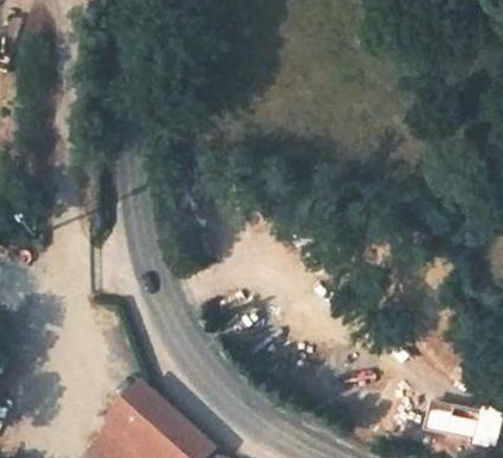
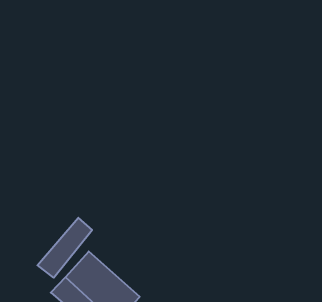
building: none -> [37,218,92,278]

